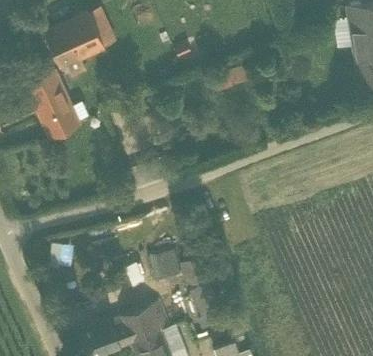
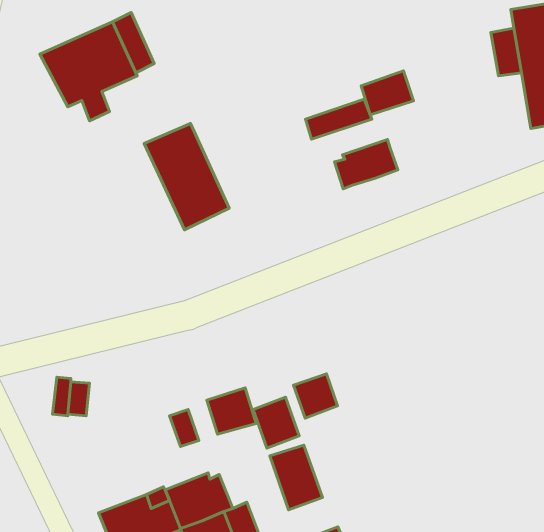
building: none -> [361,71,413,115]
building: [25,72,80,141] -> [144,123,229,230]
building: none -> [335,140,398,189]
building: none -> [293,374,337,418]

